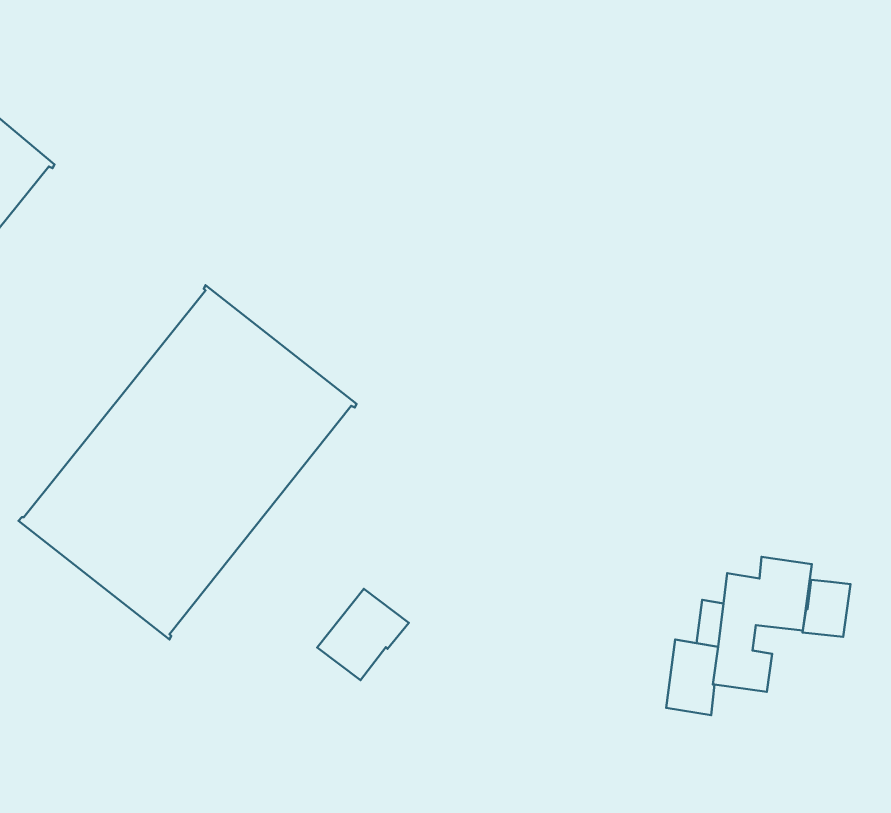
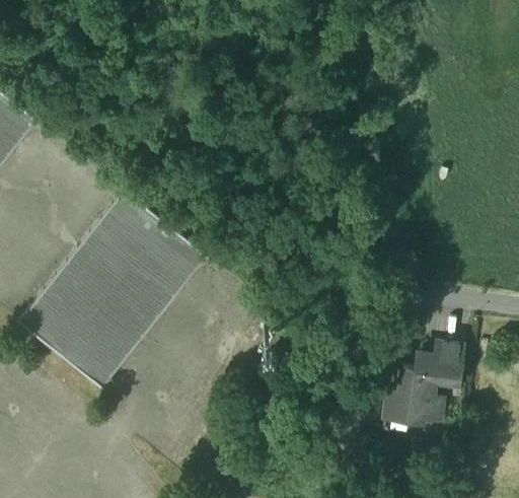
building: [802,580,850,637] -> none
building: [317,589,409,680] -> none

